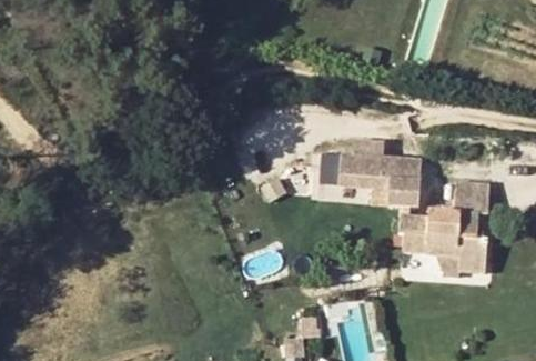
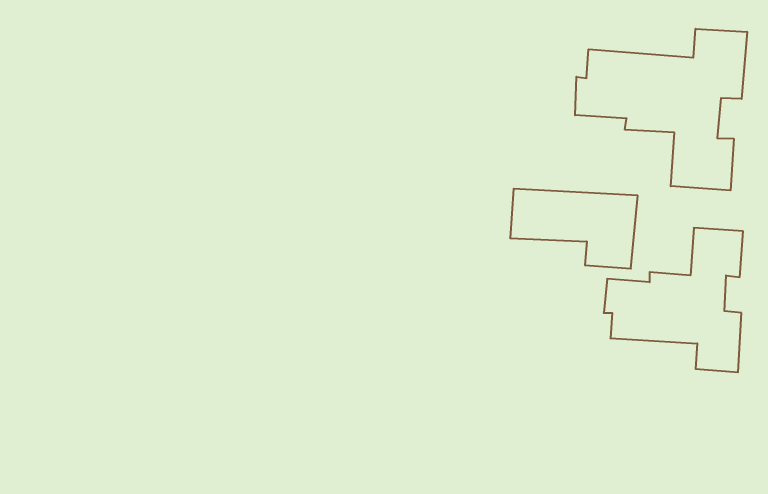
building: none -> [575,29,747,190]

